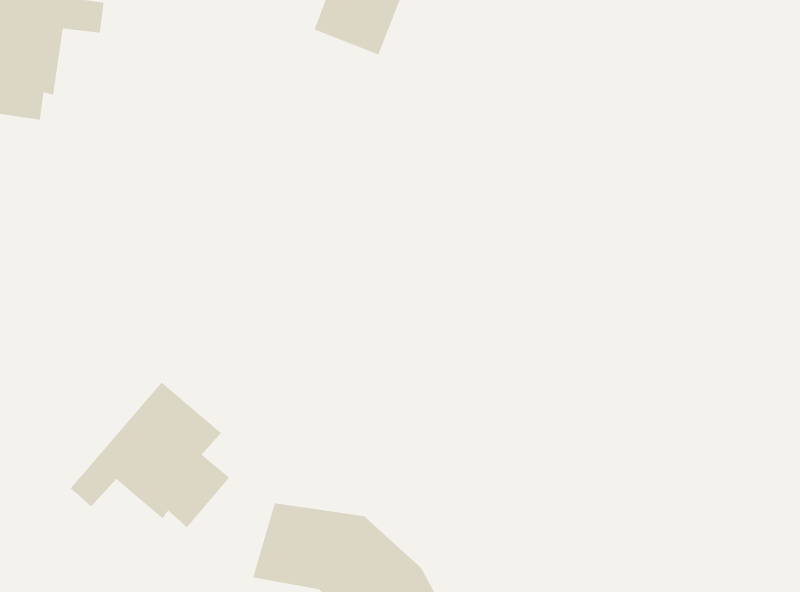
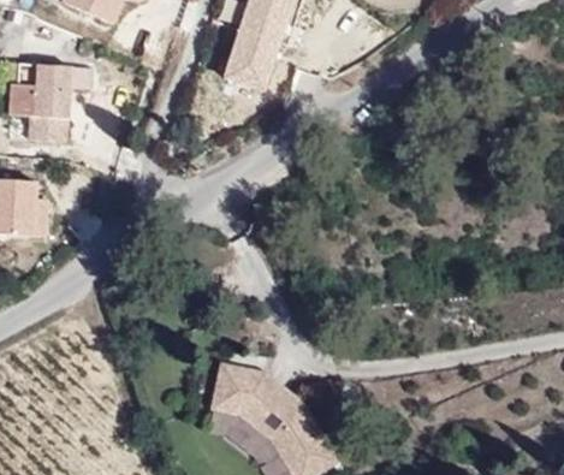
building: [70,381,230,528] -> none

